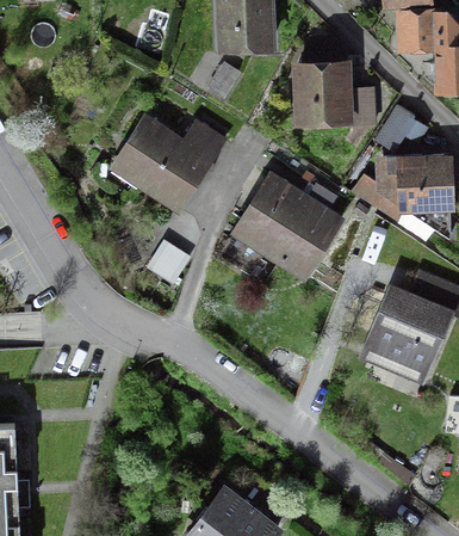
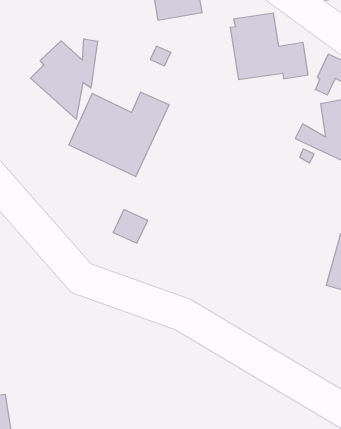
building: none -> [30,39,98,119]
building: [234,175,340,276] -> none

